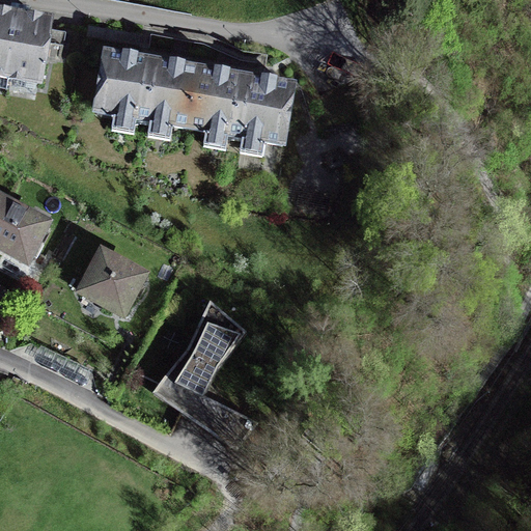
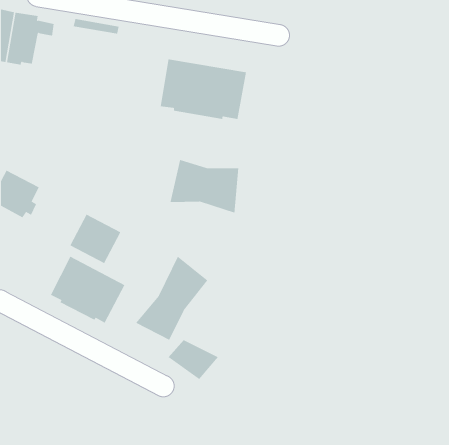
building: [95,53,198,125] -> none
building: none -> [170,159,239,214]
building: none -> [50,256,125,324]

